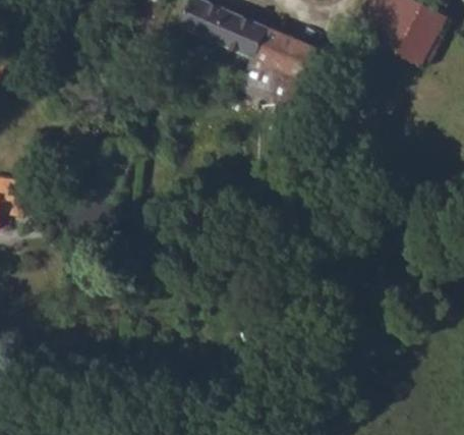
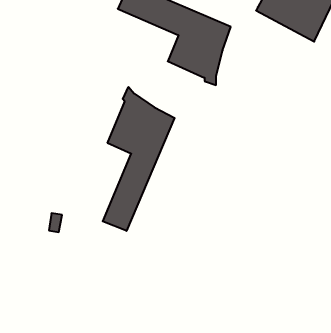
building: none -> [103,87,175,231]

